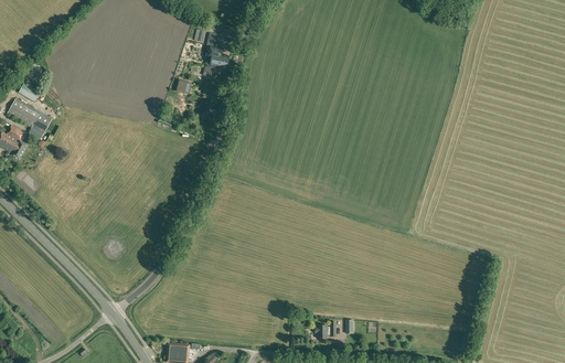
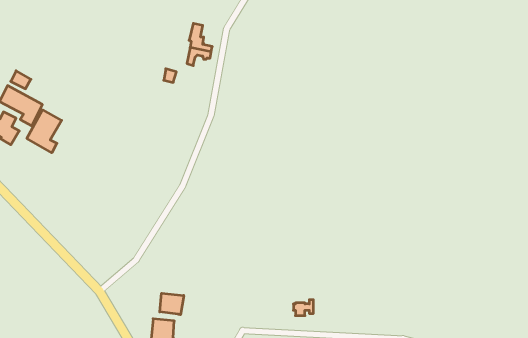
building: none -> [27,110,62,153]
building: none -> [160,293,184,315]

